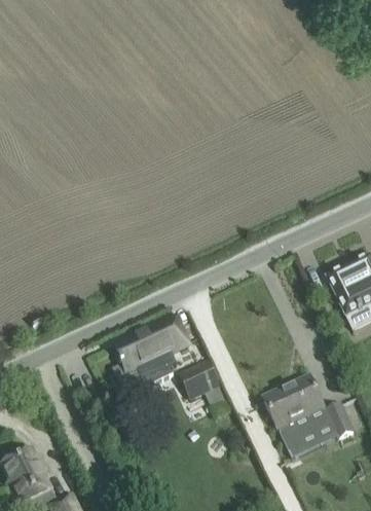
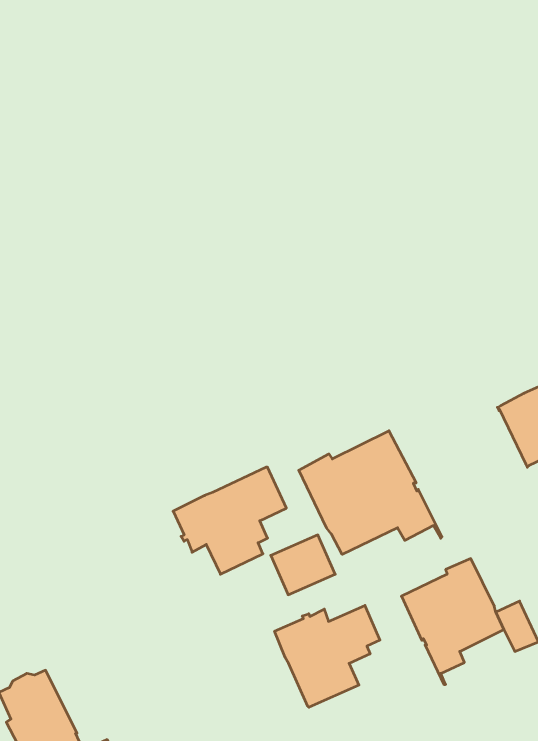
building: none -> [299,431,442,554]
building: none -> [275,605,380,707]

